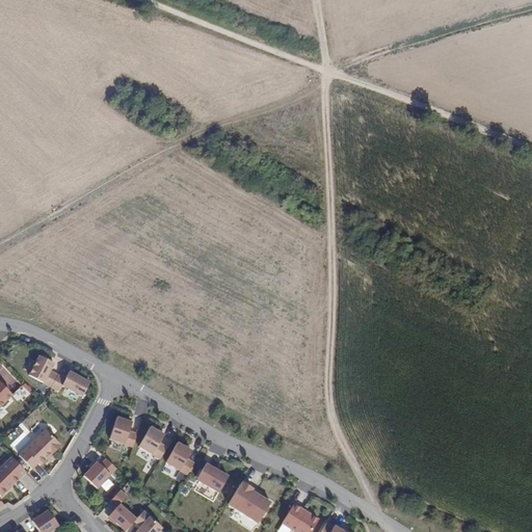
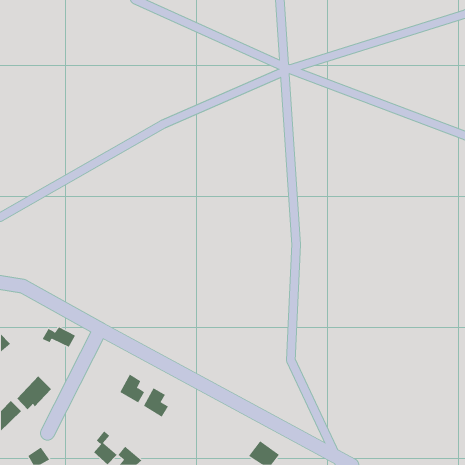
building: [27,355,56,387] -> none
building: [107,417,136,448] -> none
building: [84,458,115,487] -> none
building: [194,463,227,493] -> none
building: [229,478,272,521] -> none

